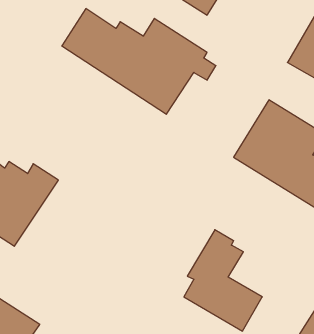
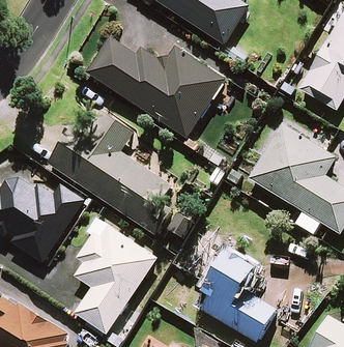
building: none -> [50,113,173,228]
building: none -> [76,219,157,334]

